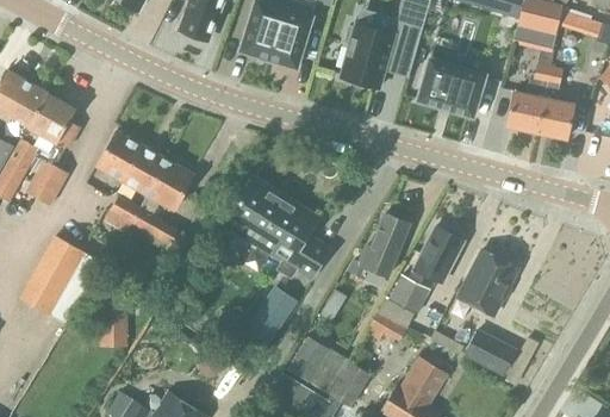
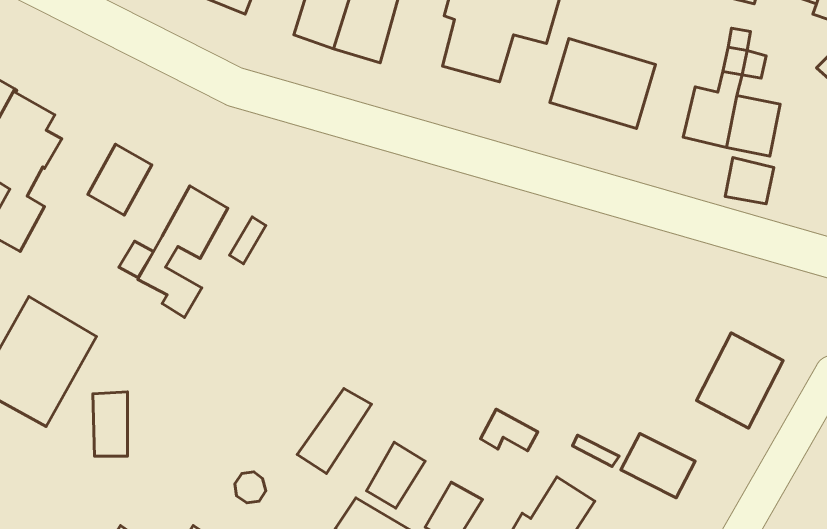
building: none -> [725,158,774,204]
building: [122,145,167,194] -> none
building: [224,178,330,279] -> none
building: [346,213,409,280] -> none
building: [416,226,461,281] -> none
building: [458,249,517,315] -> [697,333,783,428]
building: [378,274,430,325] -> none

